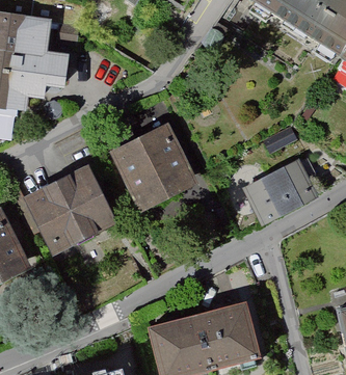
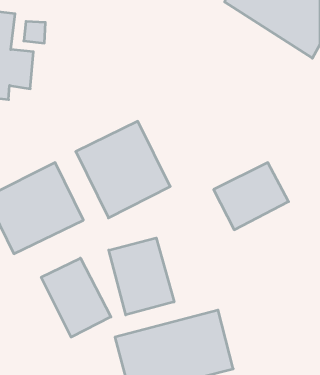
building: none -> [109,238,174,315]
building: none -> [41,258,111,337]

